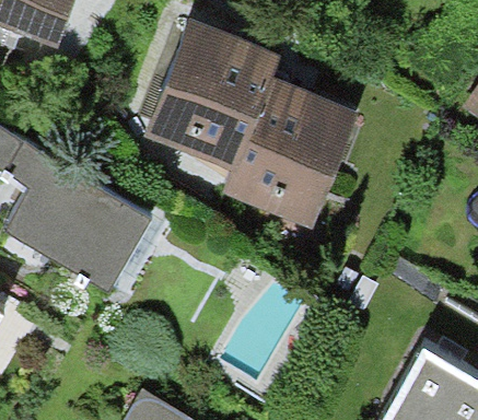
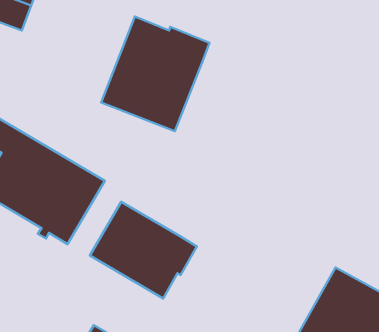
building: [226,81,352,218] -> none
building: none -> [90,202,197,298]

